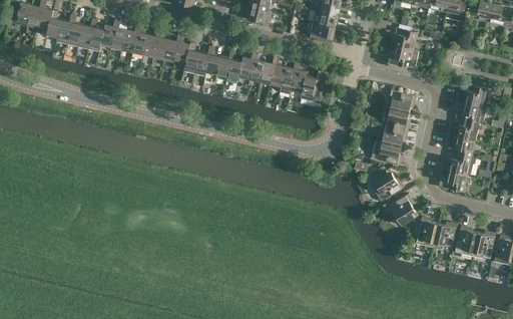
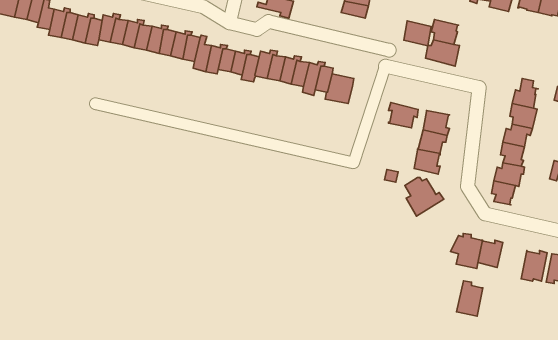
building: [311,21,335,43] -> [404,21,431,46]
building: [389,89,415,111] -> [389,103,418,128]
building: [389,193,418,225] -> none
building: [454,225,477,256] -> [457,281,483,316]

